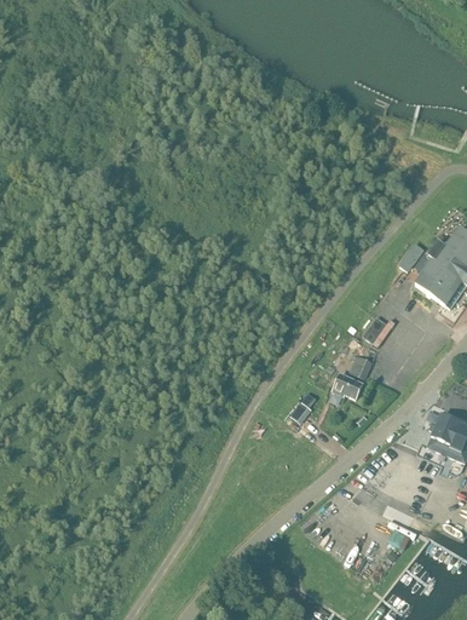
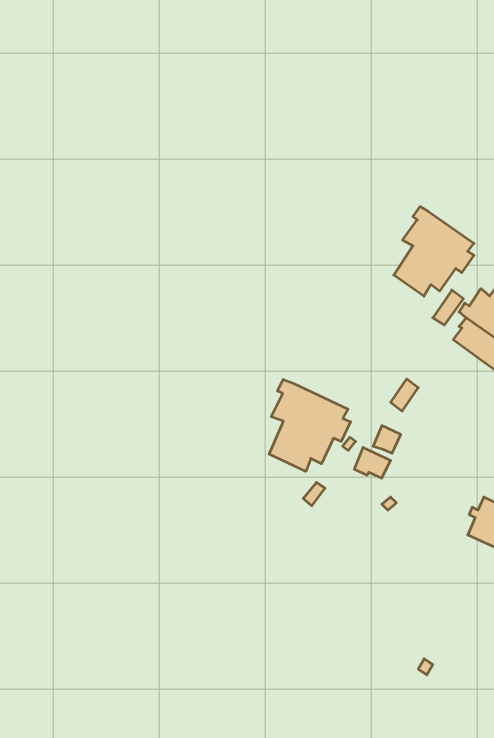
building: none -> [394,207,474,296]
building: none -> [269,379,351,471]

